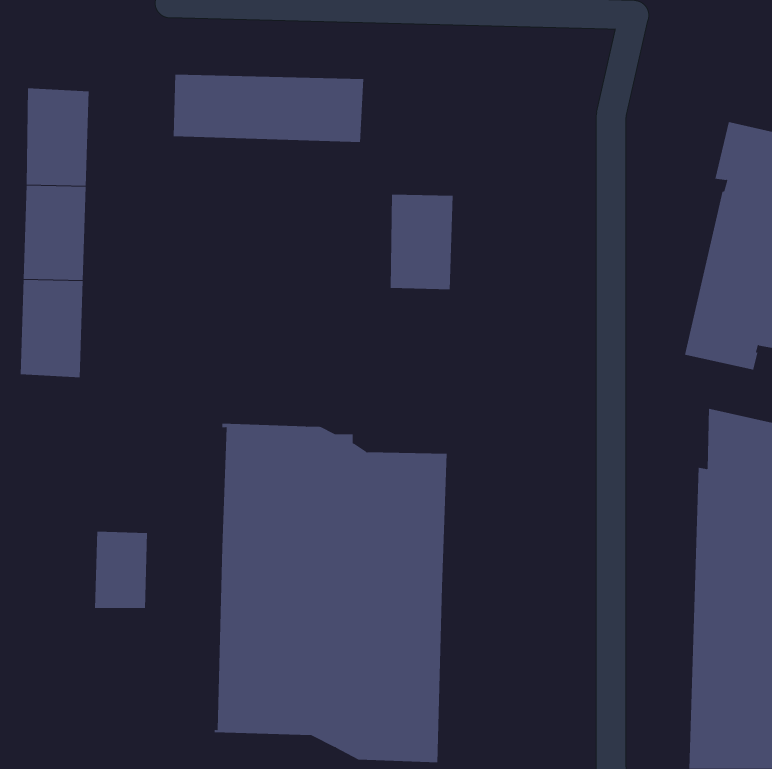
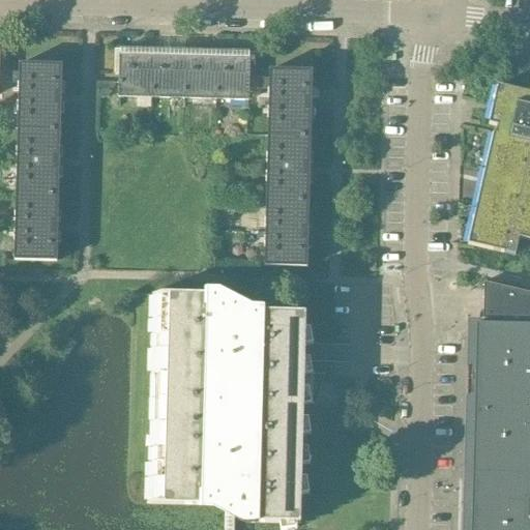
building: none -> [269,67,313,134]
building: none -> [266,197,310,264]
building: [95,531,148,609] -> none

